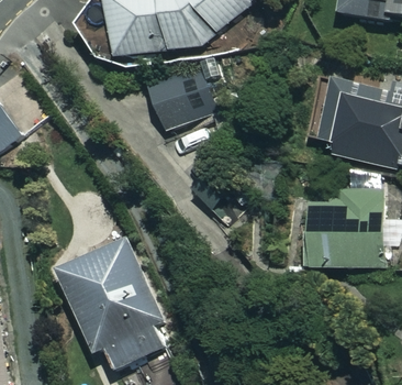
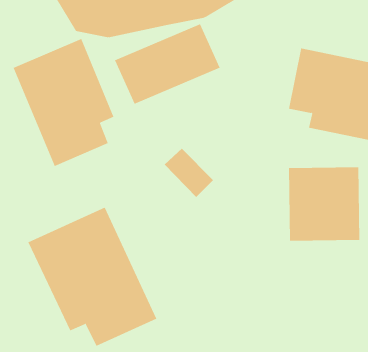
building: none -> [13,38,114,167]

